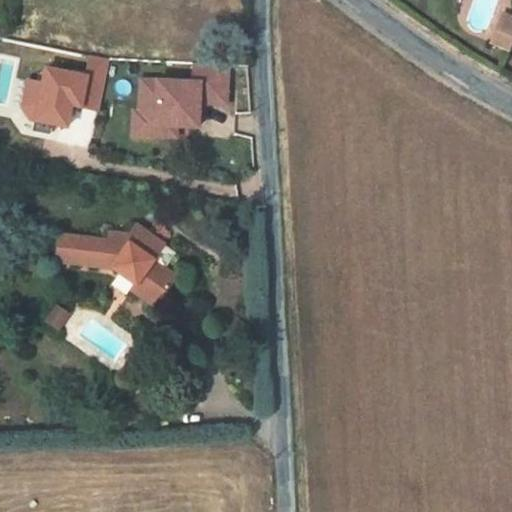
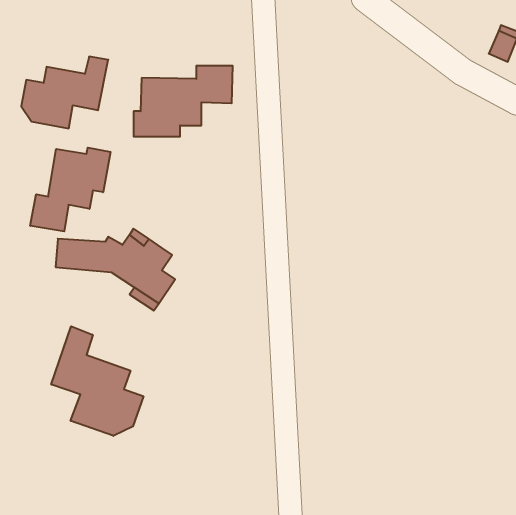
building: none -> [30,148,111,231]
building: none -> [51,326,143,436]

